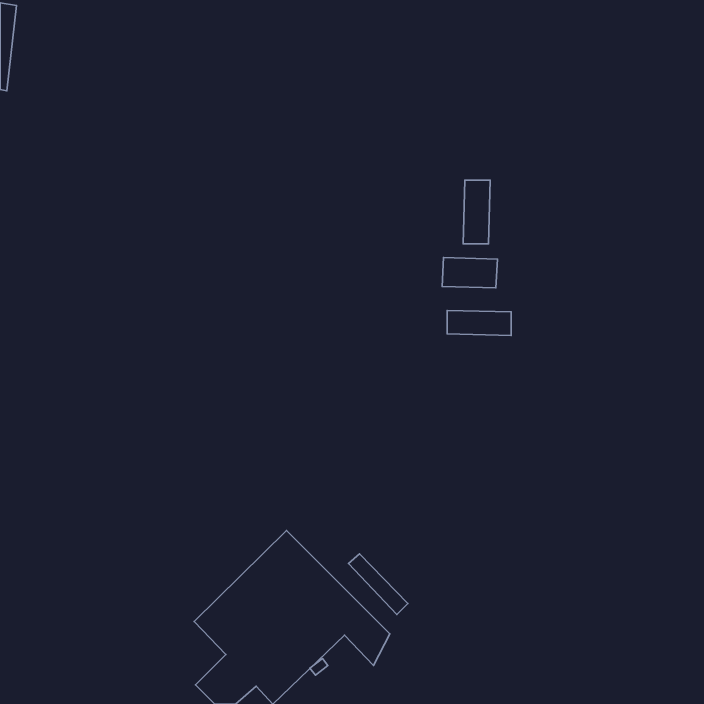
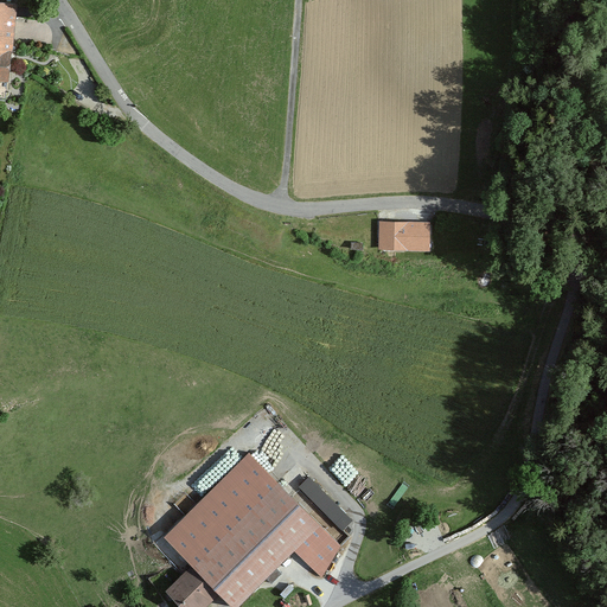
building: [463,180,490,244] -> none
building: [447,310,511,335] -> none

